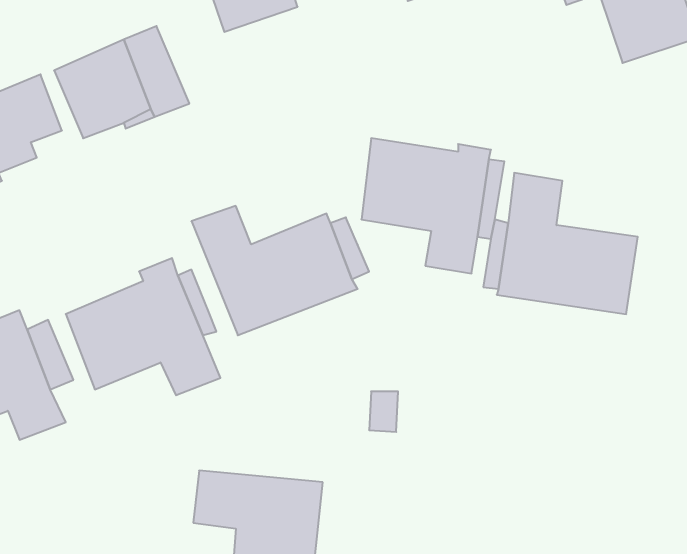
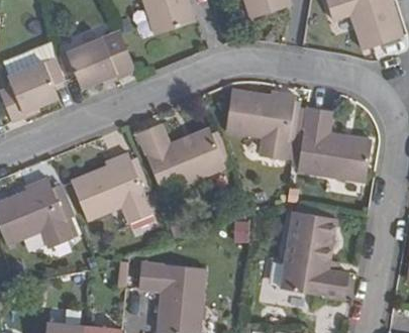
building: none -> [281,213,347,299]

